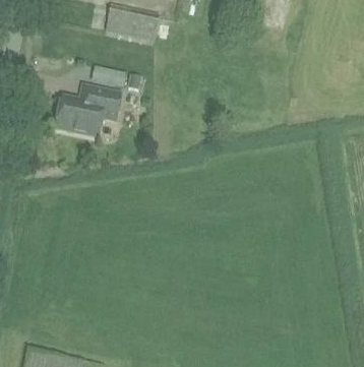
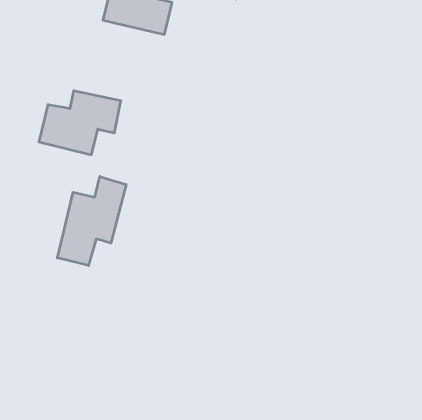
building: none -> [57,176,126,266]

